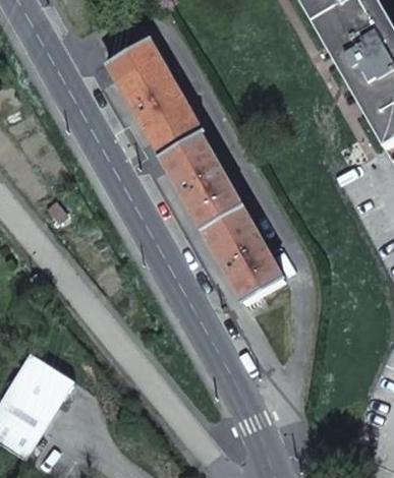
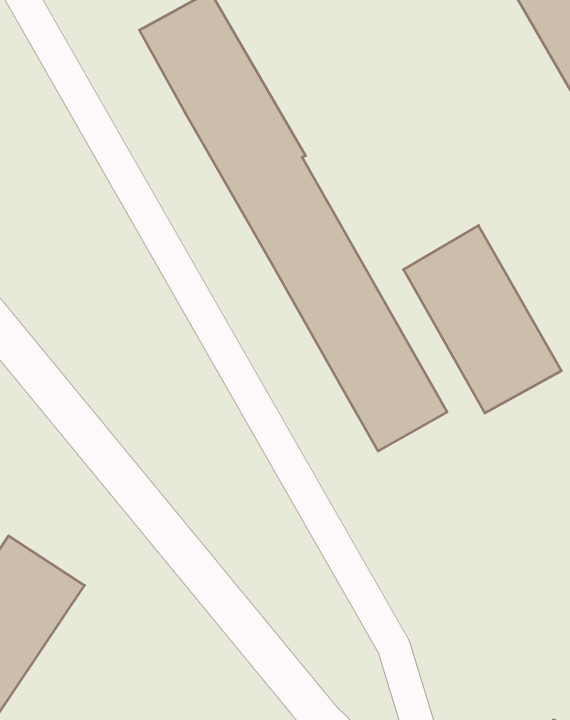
building: none -> [403,225,561,413]

